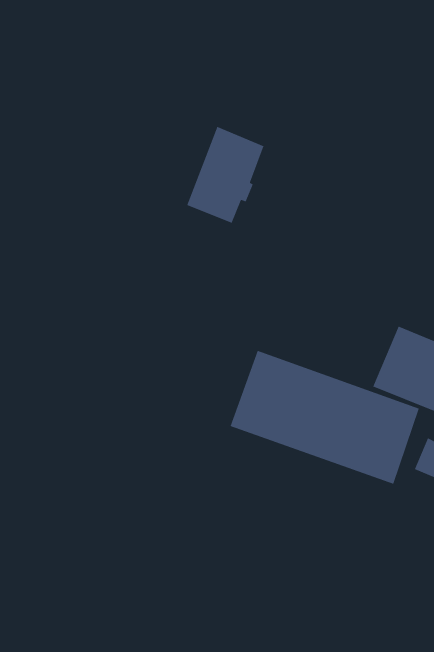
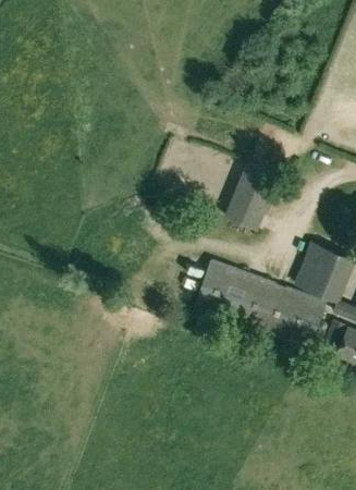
building: [186,126,265,224] -> [224,160,280,230]

